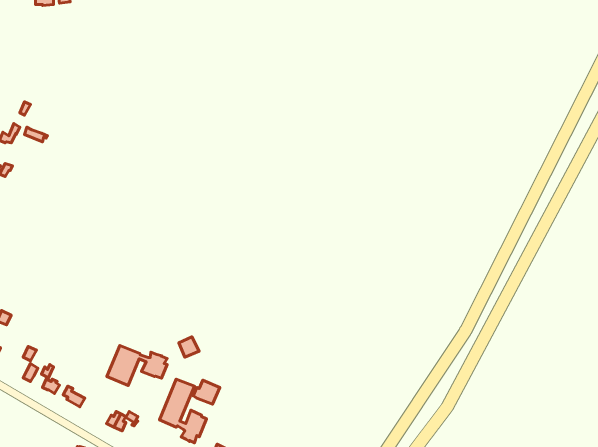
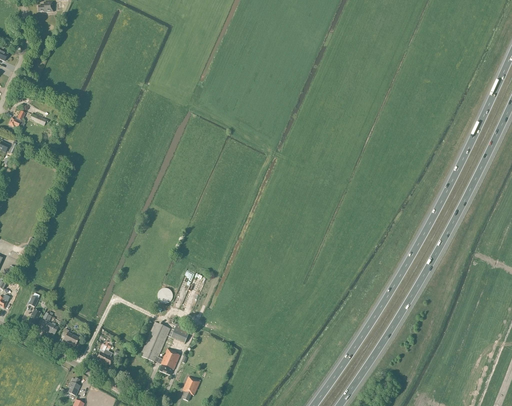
building: [107,345,167,385] -> none

